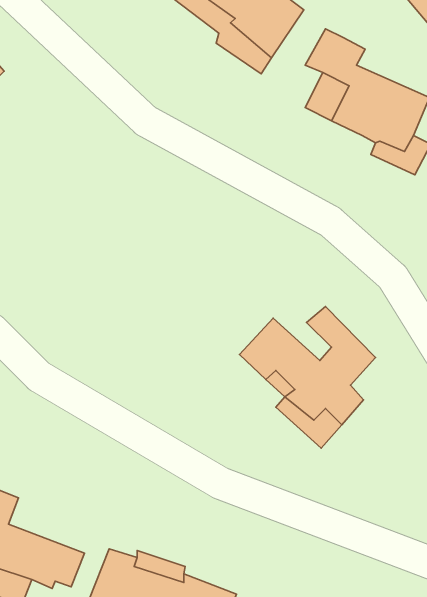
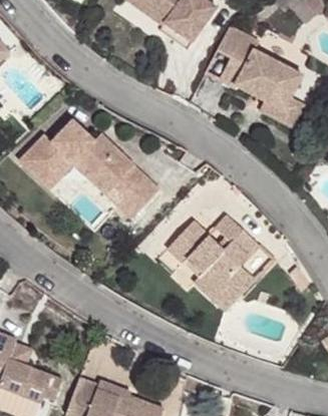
building: none -> [14,118,159,224]

